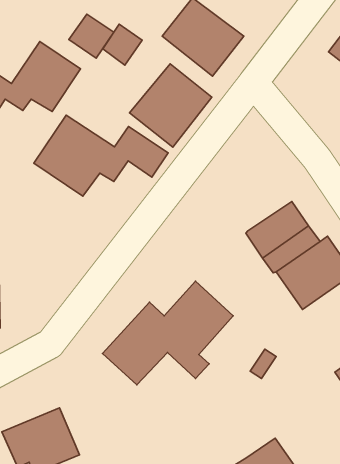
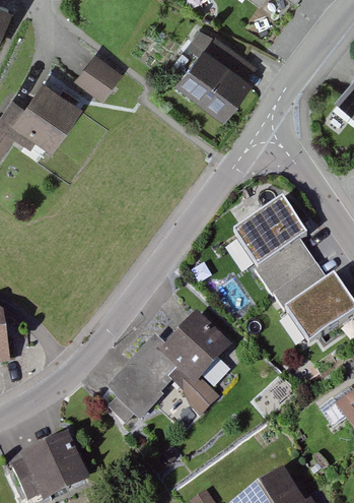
building: [103,24,142,65] -> none
building: [129,64,212,147] -> none
building: [34,115,168,196] -> none
building: none -> [229,195,304,265]

